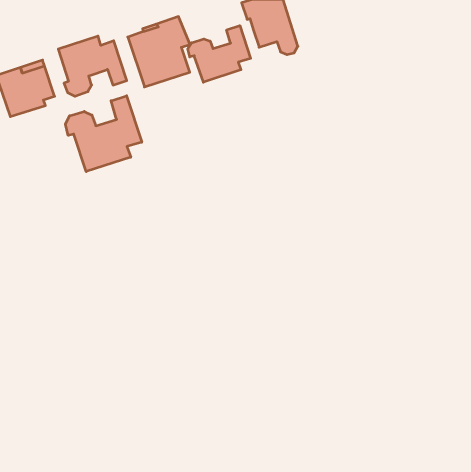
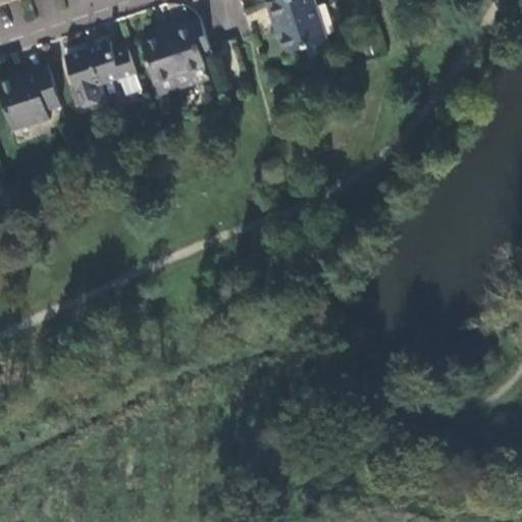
building: [188,26,251,82] -> none
building: [65,96,142,172] -> none

